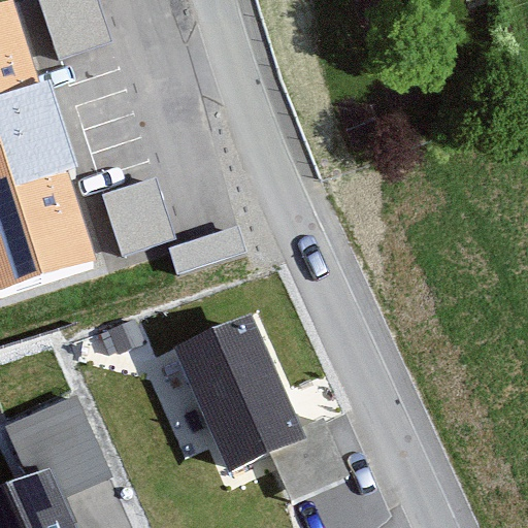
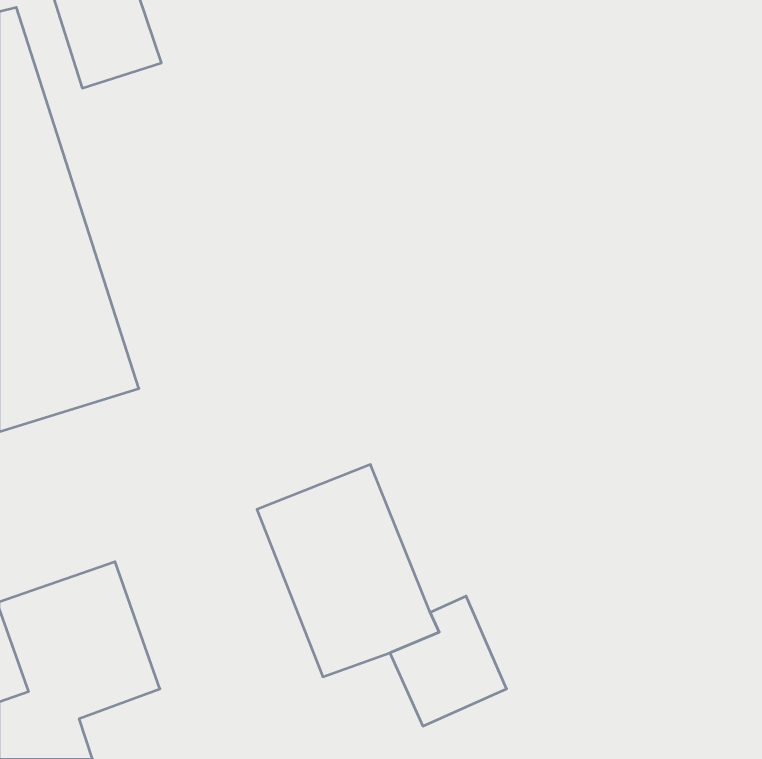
building: [102,177,175,257] -> none

